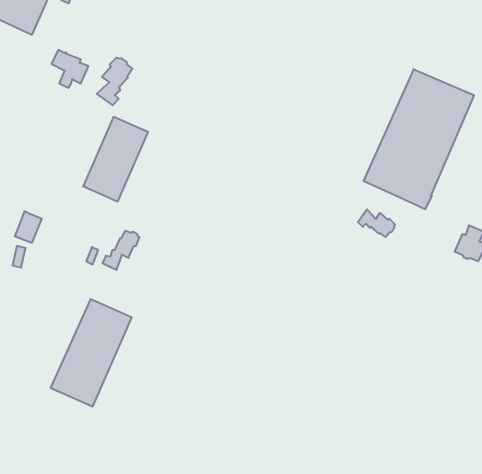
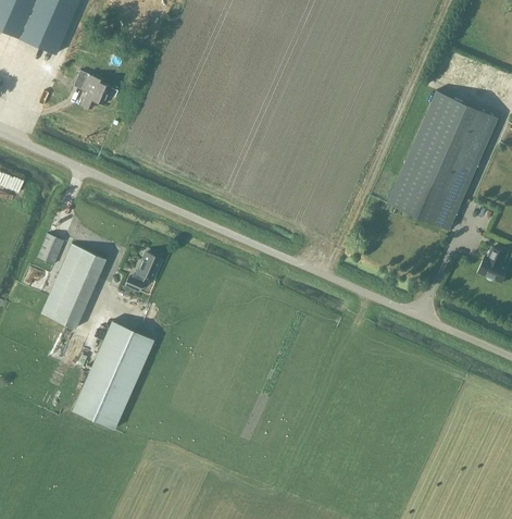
building: [97,58,132,105] -> none
building: [83,117,148,201] -> [41,244,107,329]
building: [358,209,395,237] -> none

